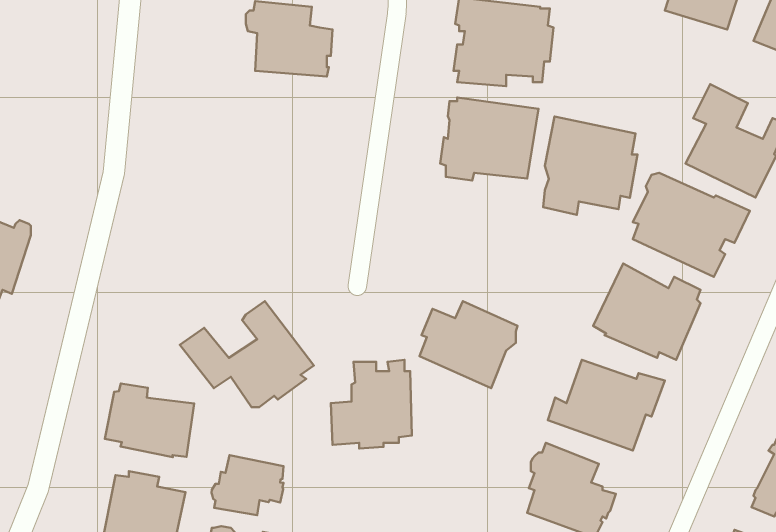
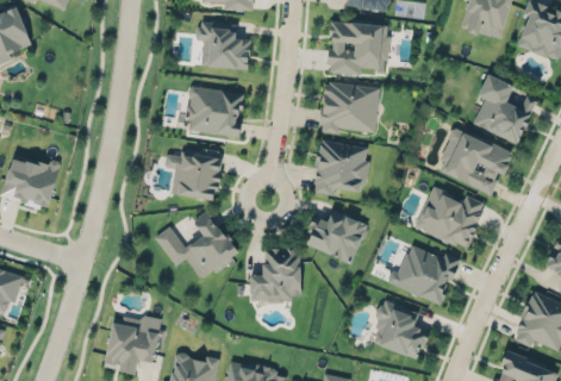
building: none -> [183,86,244,136]
building: [543,117,637,215] -> [312,136,372,198]
building: none -> [164,152,222,198]
building: [105,384,194,457] -> none
building: [212,455,284,515] -> none

